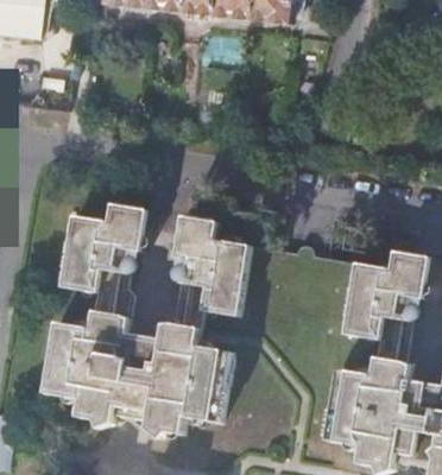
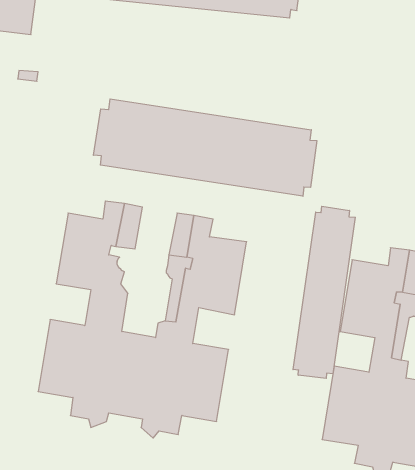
building: none -> [93,99,317,196]
building: none -> [293,206,355,378]

